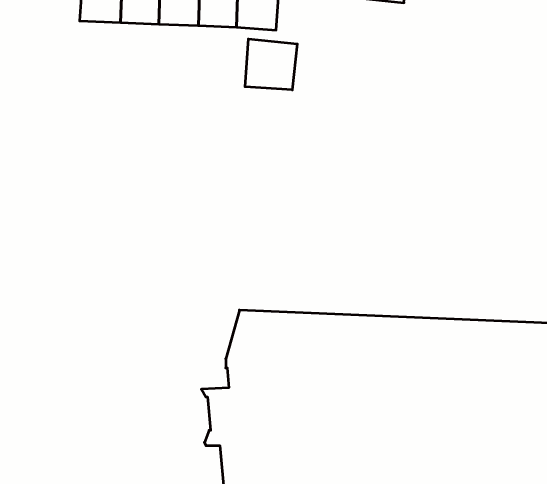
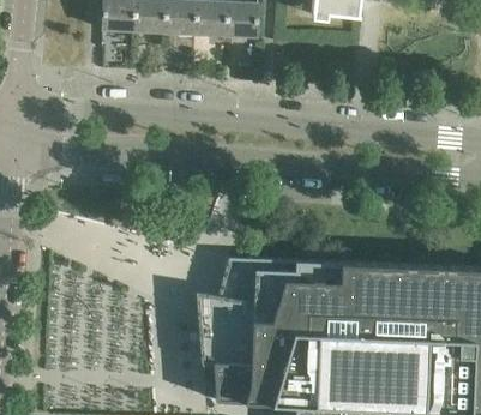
building: [245,39,297,90] -> none

